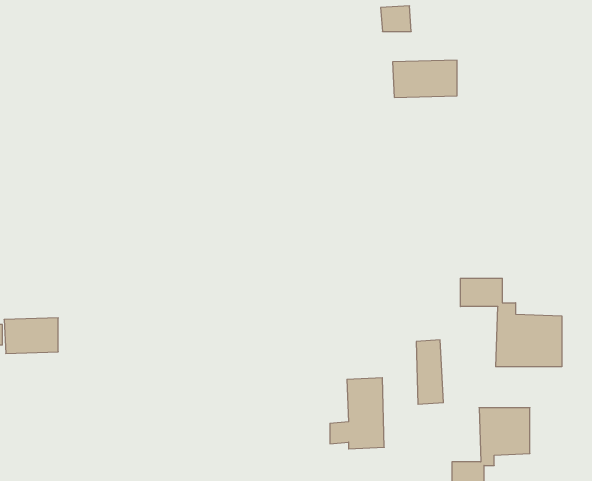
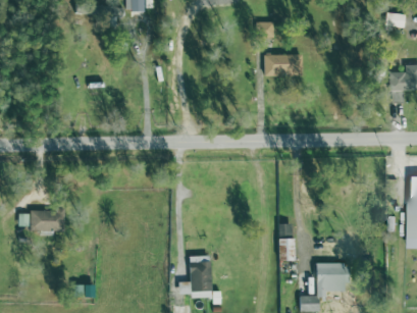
building: [460,278,562,367] -> none
building: [330,378,384,449] -> [177,255,210,298]

